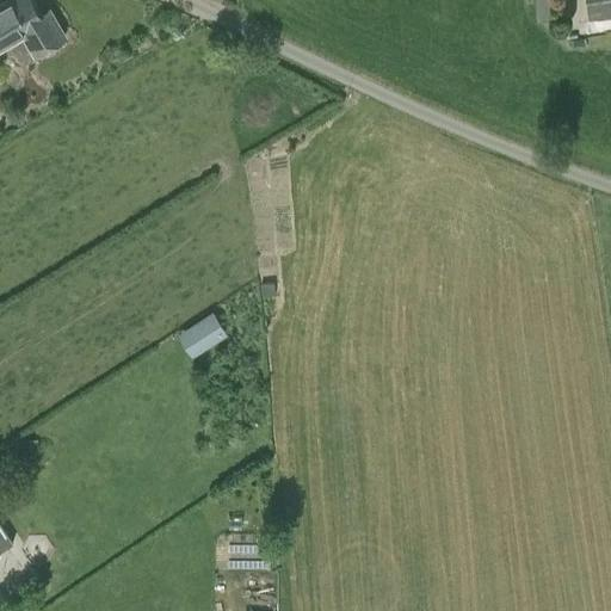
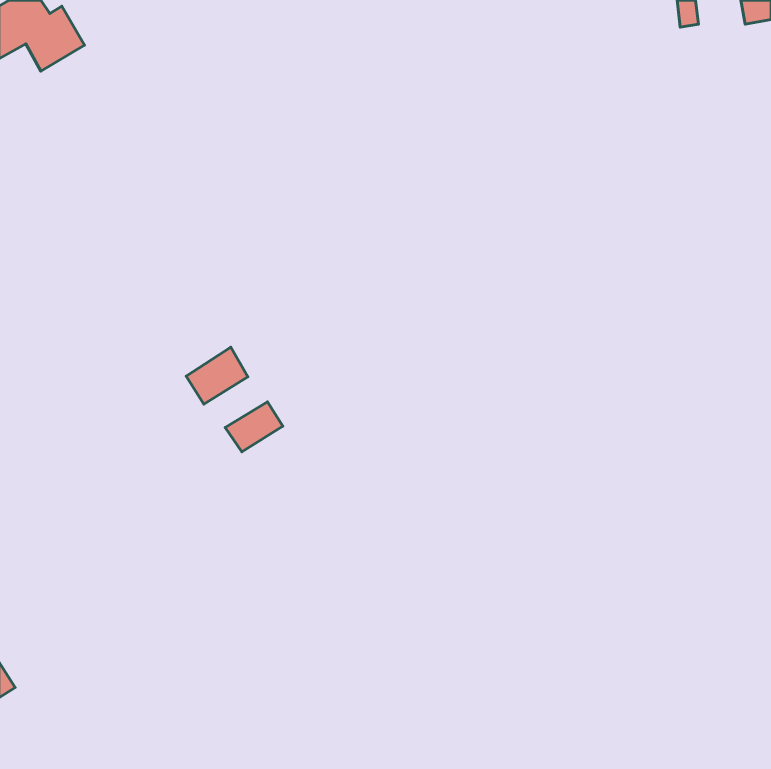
building: none -> [186,347,248,404]

